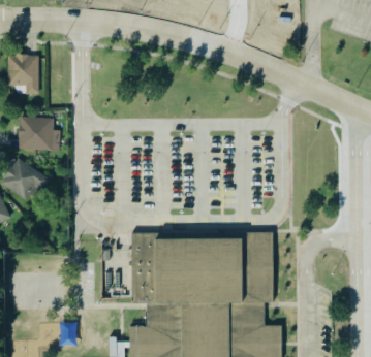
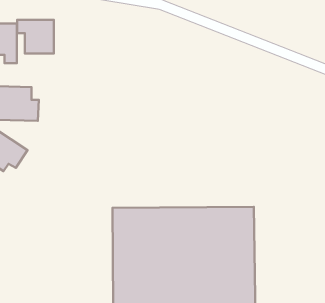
building: none -> [17,20,54,54]

